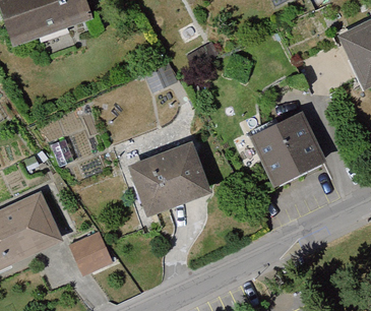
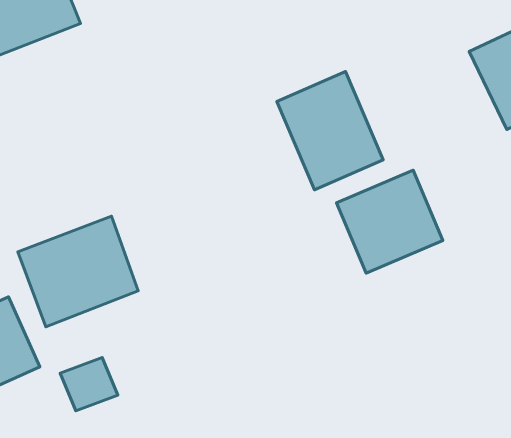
building: none -> [277,71,383,190]
building: [128,142,206,214] -> [18,216,138,327]

